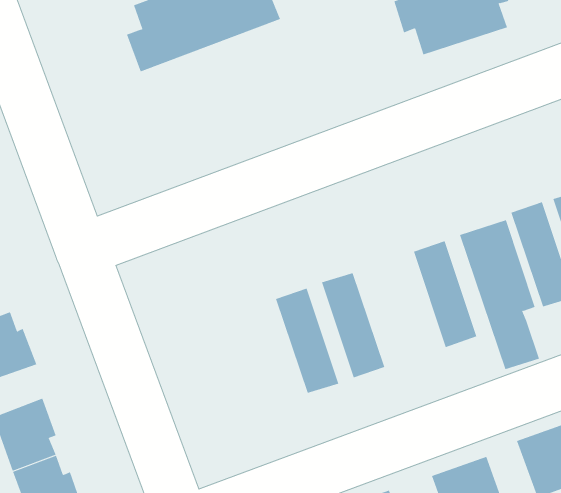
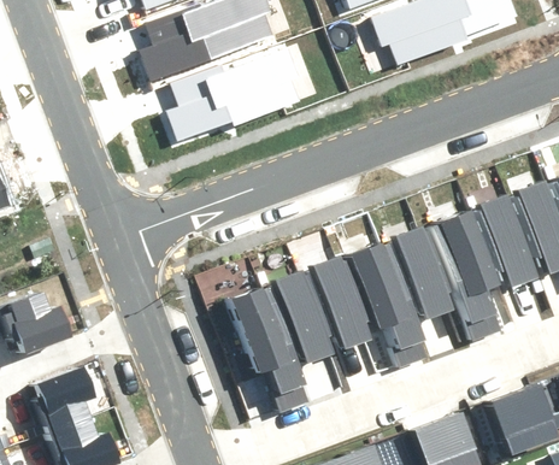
building: none -> [170,47,304,145]
building: none -> [353,239,433,366]
building: none -> [230,283,310,410]

